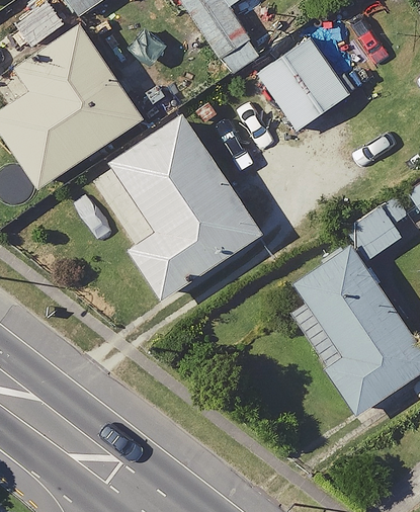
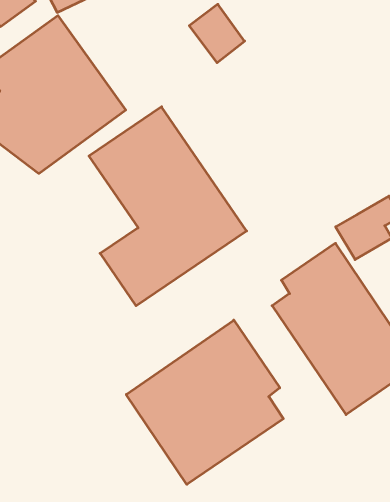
building: [263,41,352,132] -> none
building: none -> [126,320,283,484]

